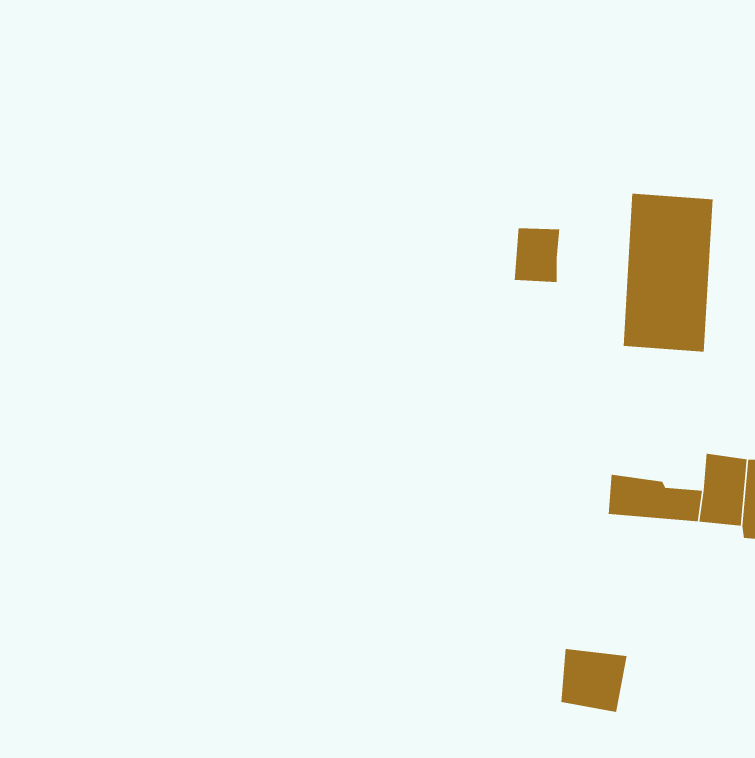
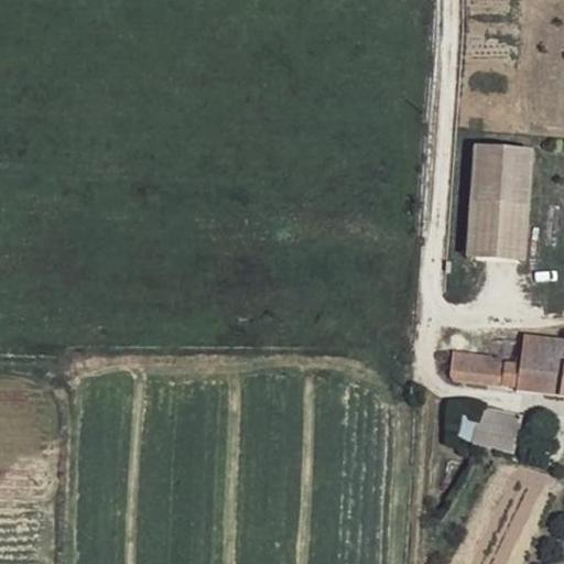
building: [514,228,560,283] -> none
building: [560,648,627,712] -> [466,401,516,448]

